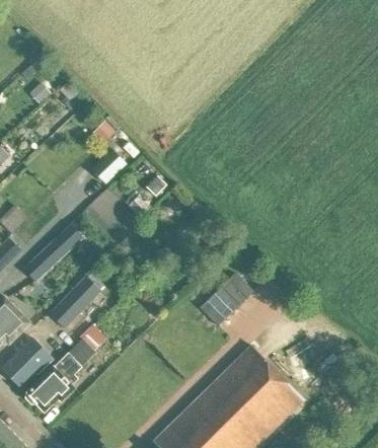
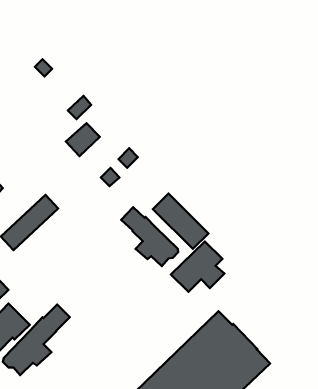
building: none -> [153,194,208,249]
building: none -> [121,207,178,266]
building: [49,276,101,328] -> none

